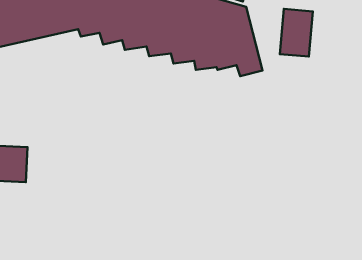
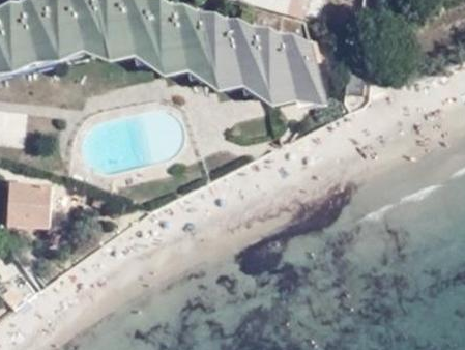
building: [280,9,313,57] -> none

